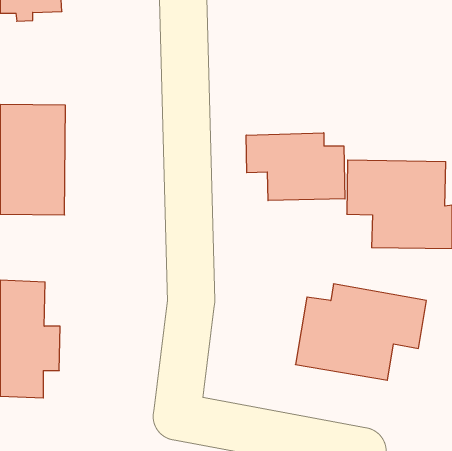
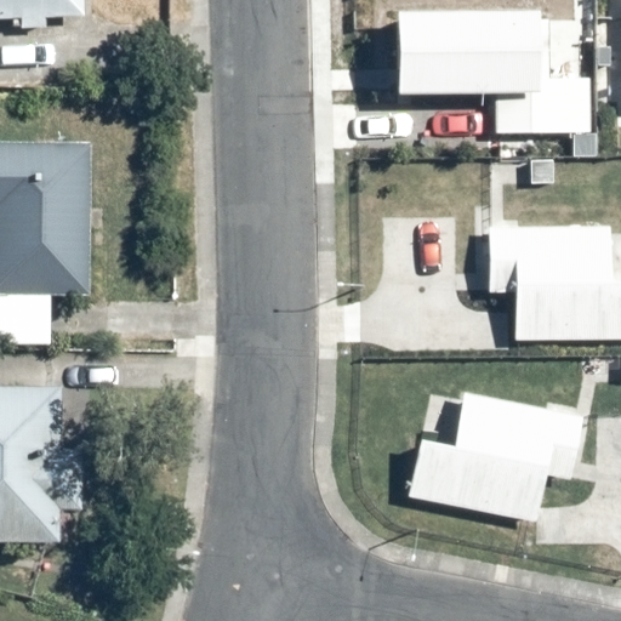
building: none -> [393,7,589,135]
building: [246,133,345,201] -> none

